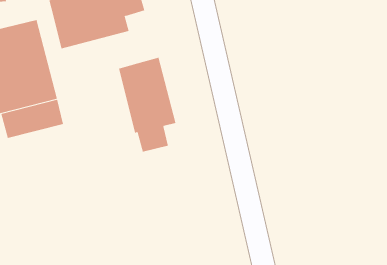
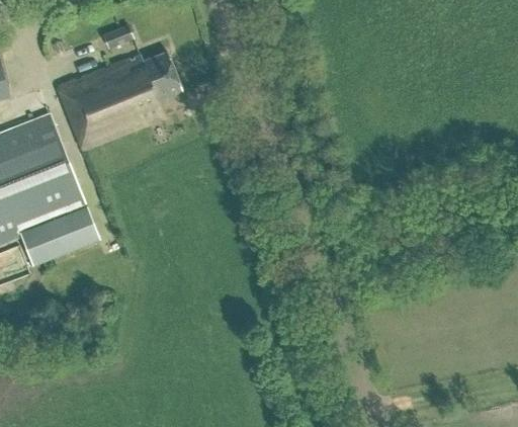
building: [118,57,176,152] -> none

